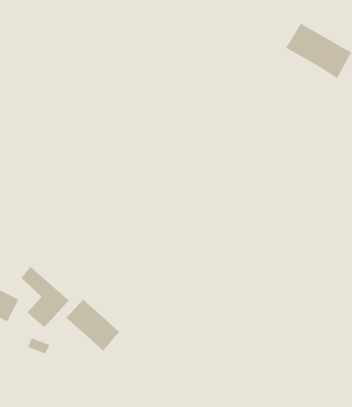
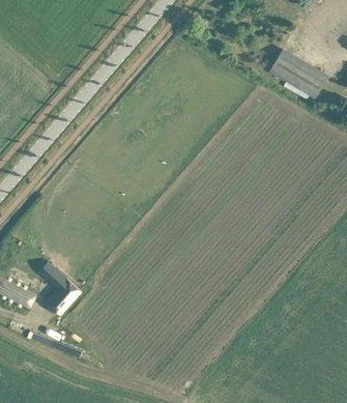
building: [65,299,120,351] -> none

